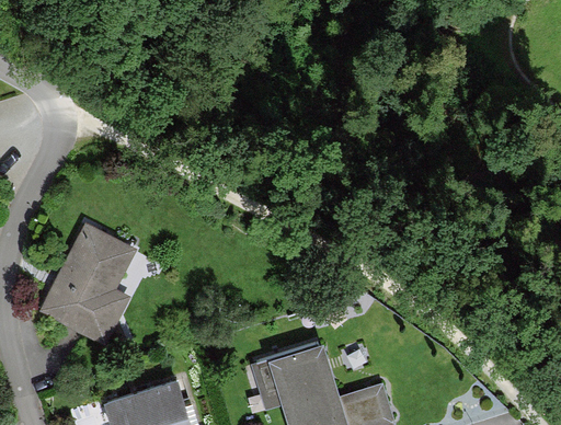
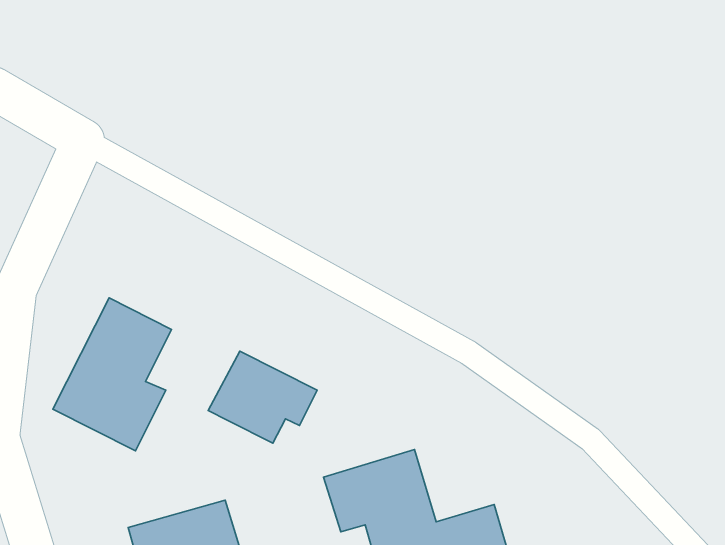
building: none -> [208,351,317,443]

